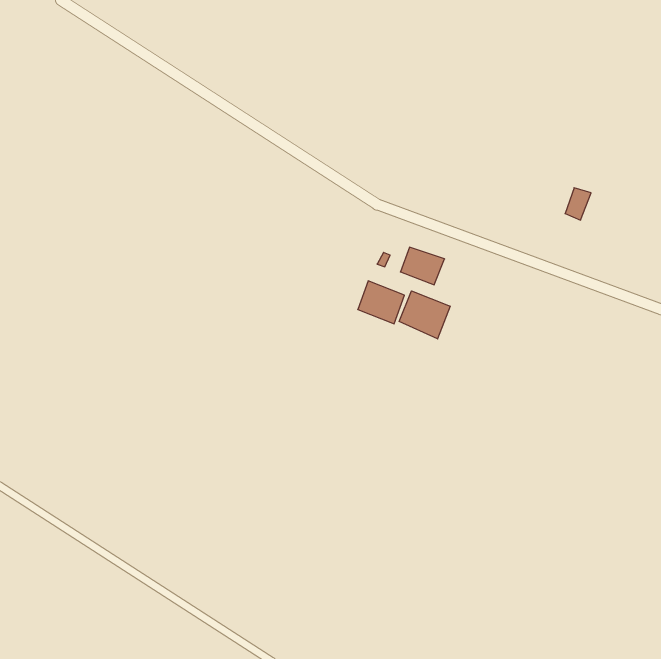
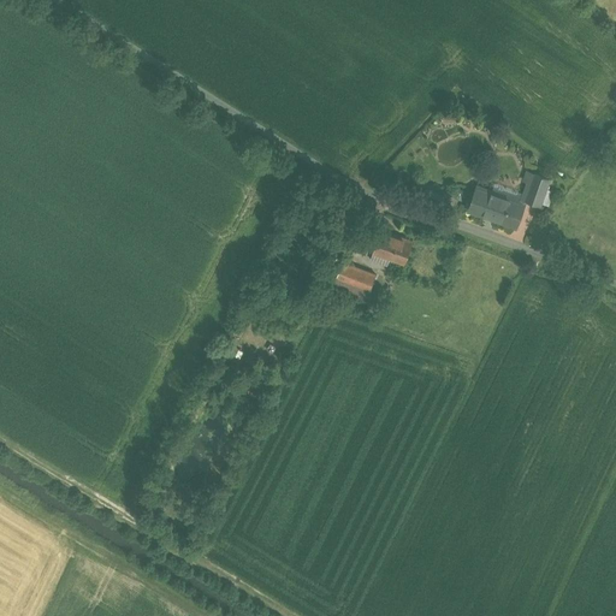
building: none -> [468,189,523,229]
building: [399,291,450,339] -> none

